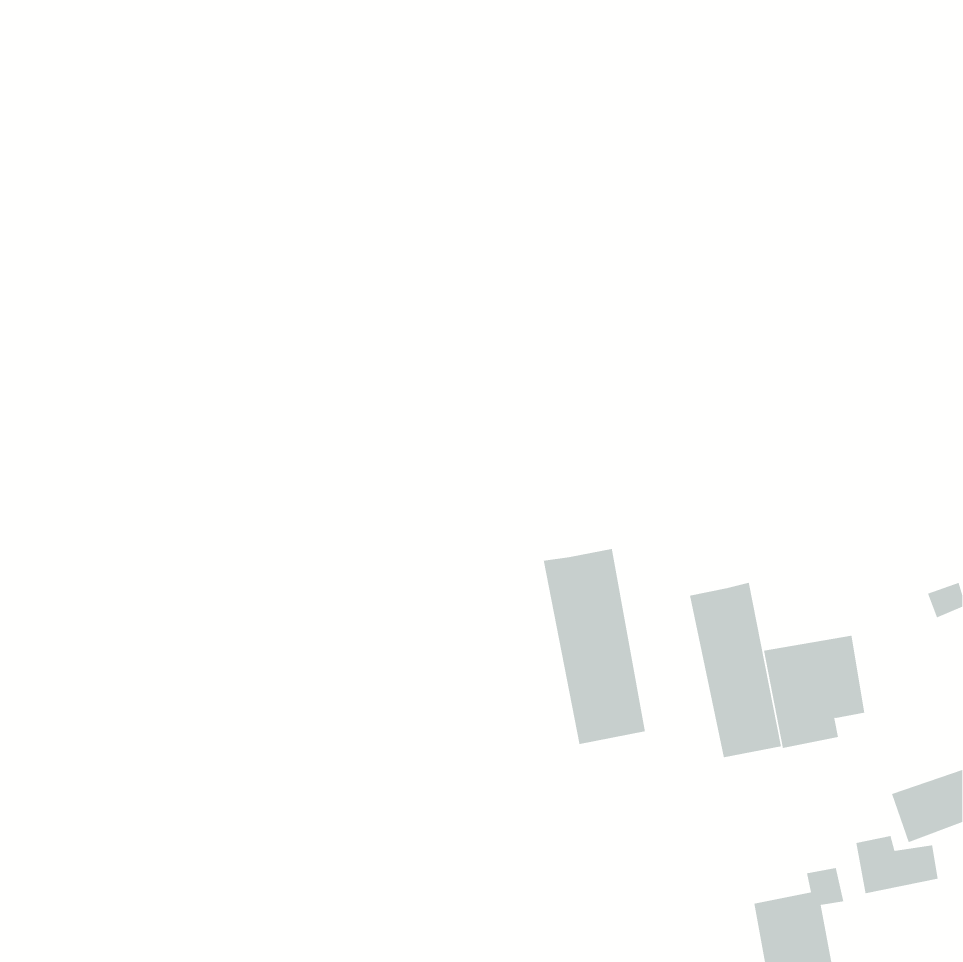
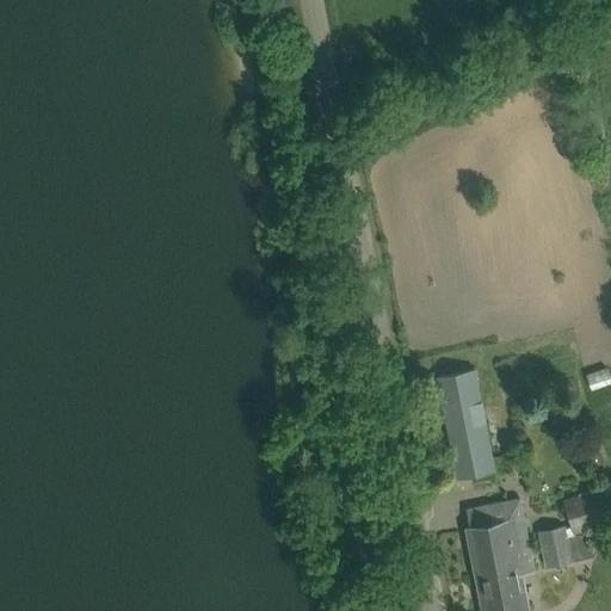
building: [543,548,645,745] -> none
building: [763,635,865,749] -> [464,501,529,573]

